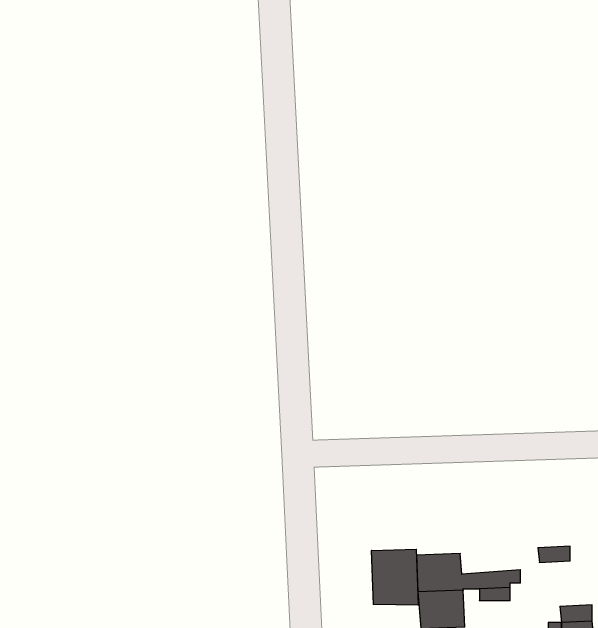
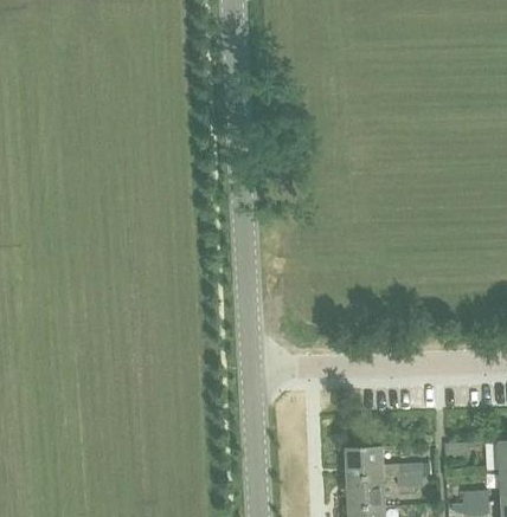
building: [372,549,418,605] -> none

